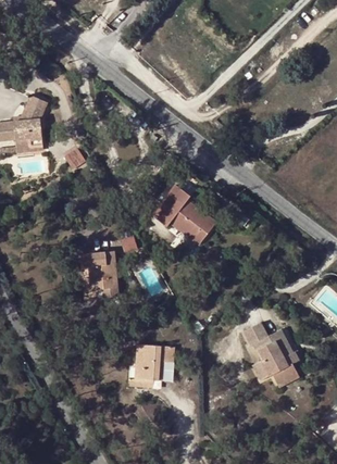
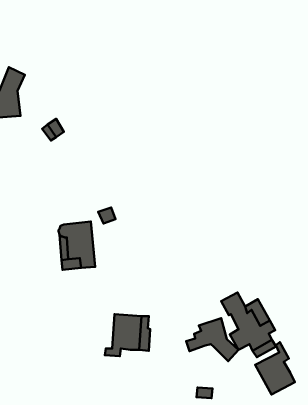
building: [151,184,215,244] -> none
building: none -> [186,318,239,361]
building: none -> [255,342,295,394]

